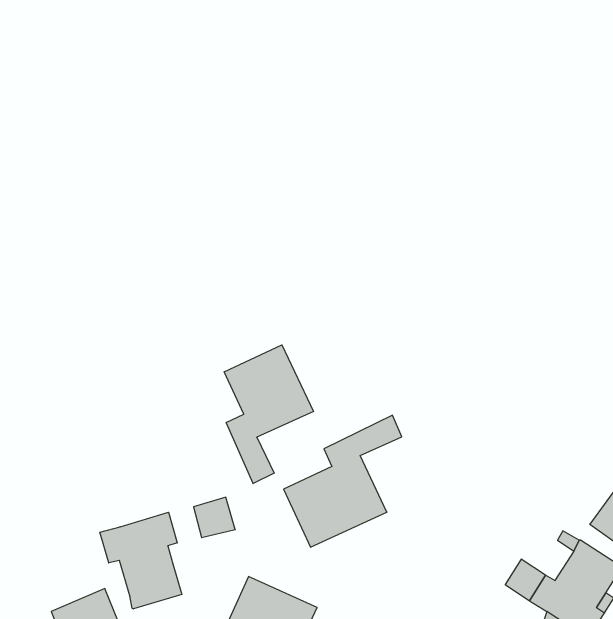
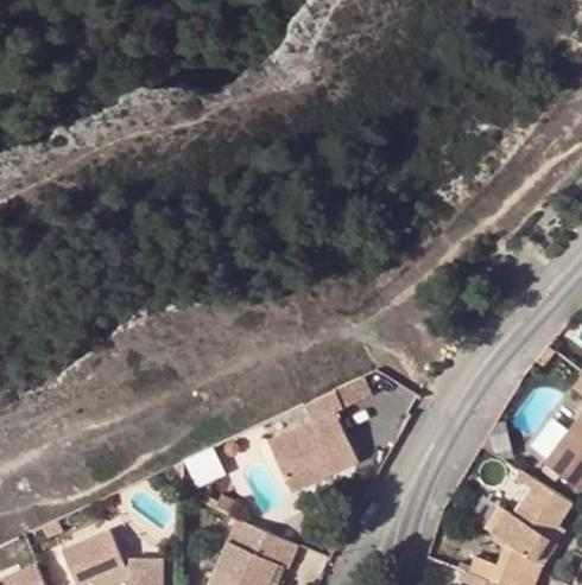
building: [224,345,314,484] -> none
building: [100,512,182,609] -> none

